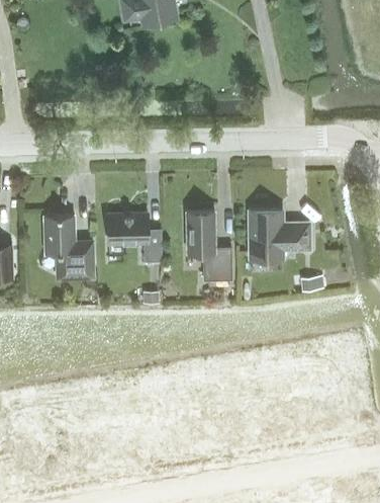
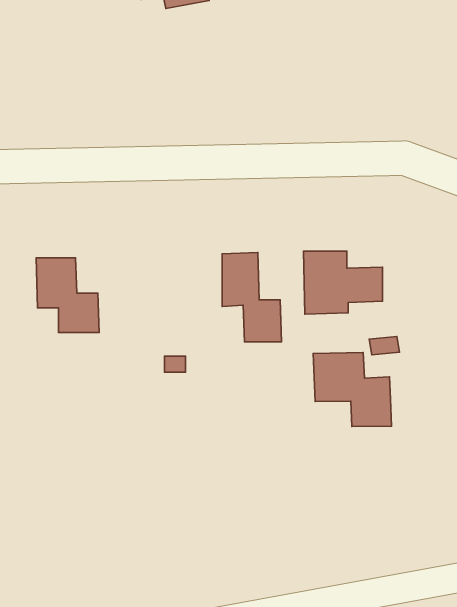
building: [107,214,161,262] -> none
building: none -> [313,353,392,427]

